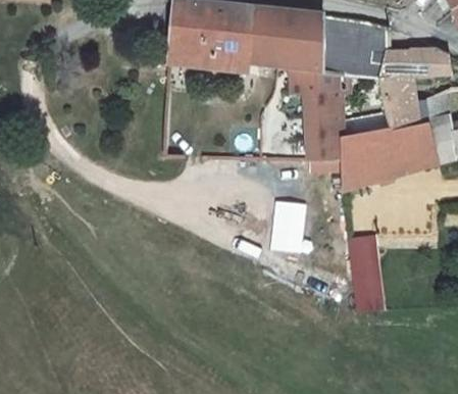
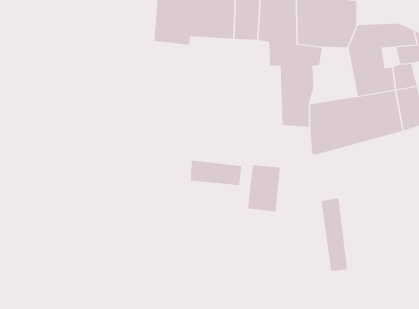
building: none -> [190,160,242,186]

